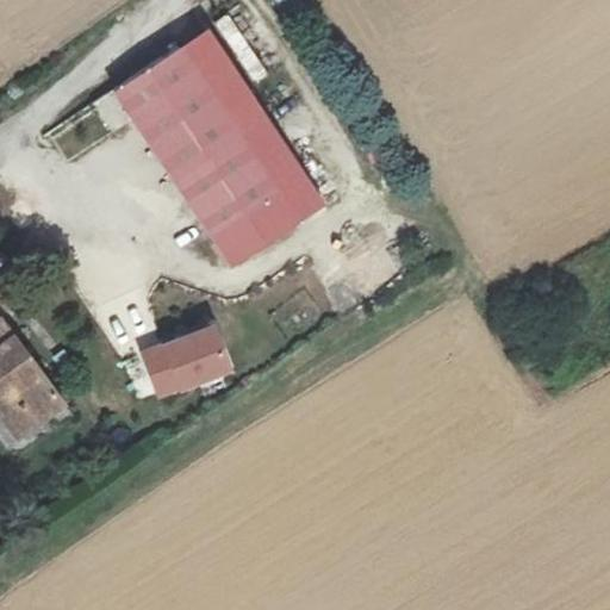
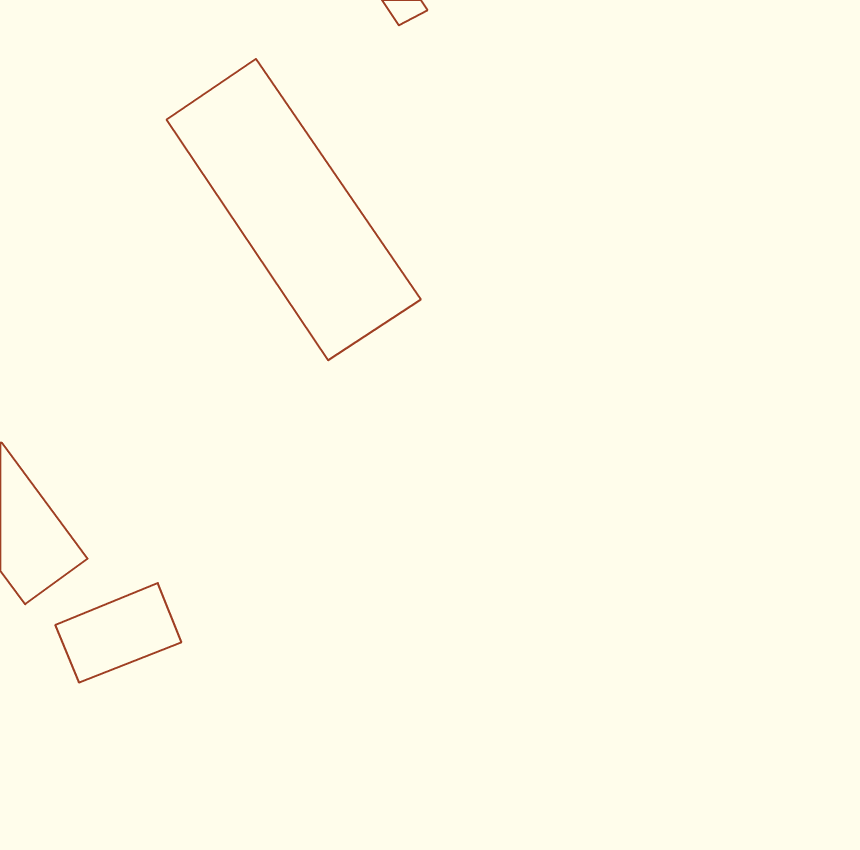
building: [181,31,324,219] -> none
building: [135,332,224,403] -> [55,583,181,682]

